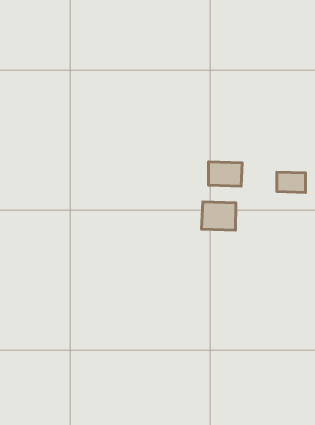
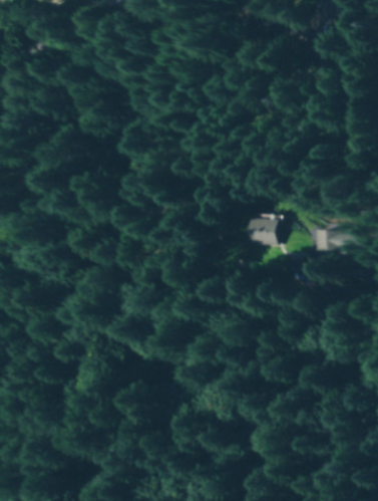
building: [201,202,236,230] -> none

